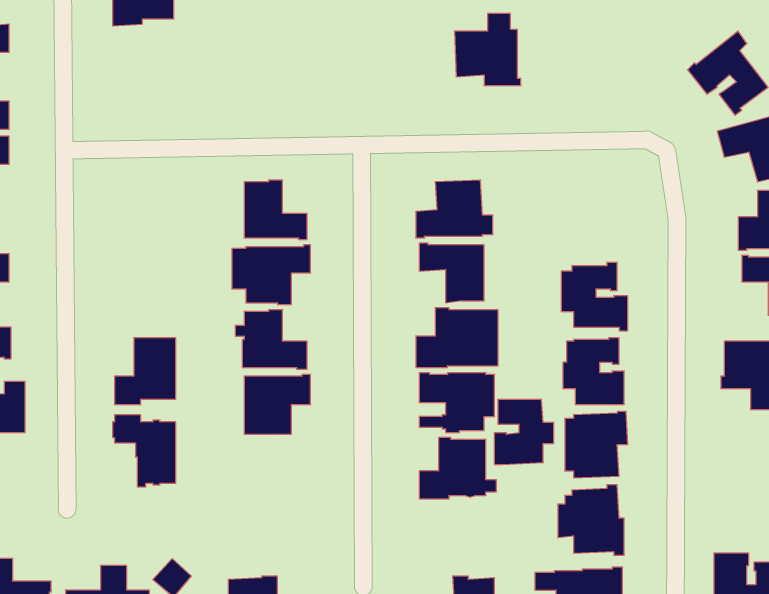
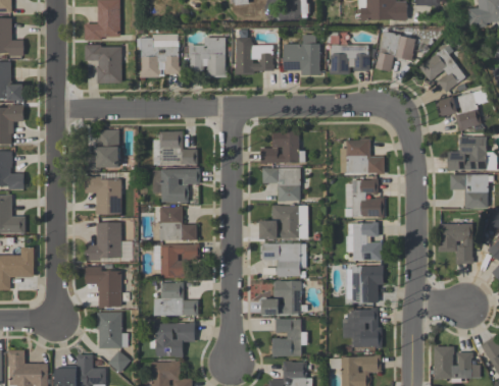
building: none -> [376,31,416,71]
building: none -> [137,34,180,77]
building: none -> [188,38,227,77]
building: none -> [235,38,273,74]
building: none -> [84,44,121,84]
building: none -> [330,45,369,74]
building: none -> [87,129,119,170]
building: none -> [340,139,385,174]
building: none -> [84,176,120,214]
building: [494,400,554,464] -> [272,319,307,356]
building: none -> [153,282,198,316]
building: none -> [97,313,128,348]
building: none -> [149,322,194,357]

